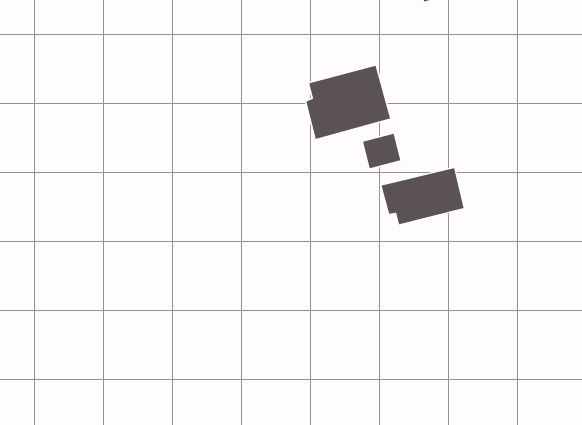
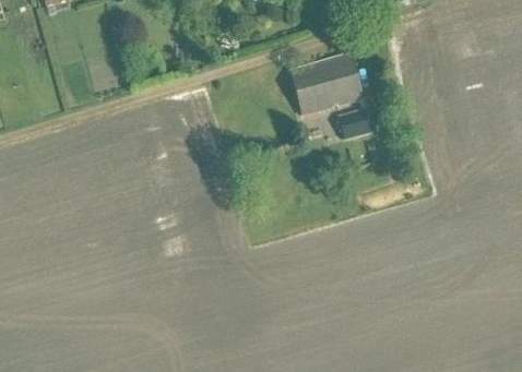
building: [381,166,464,225] -> none

